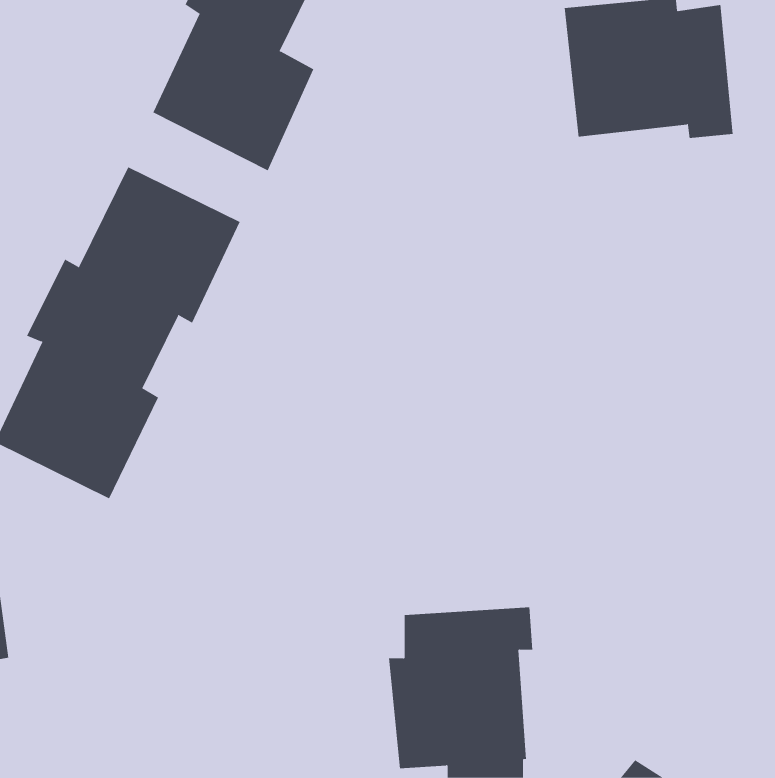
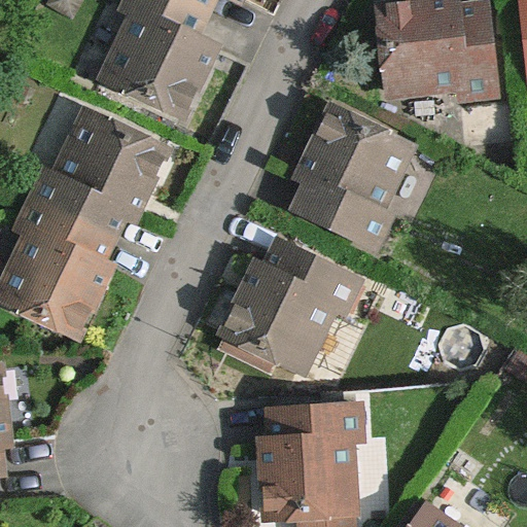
building: none -> [293,109,406,243]
building: none -> [221,242,352,367]

